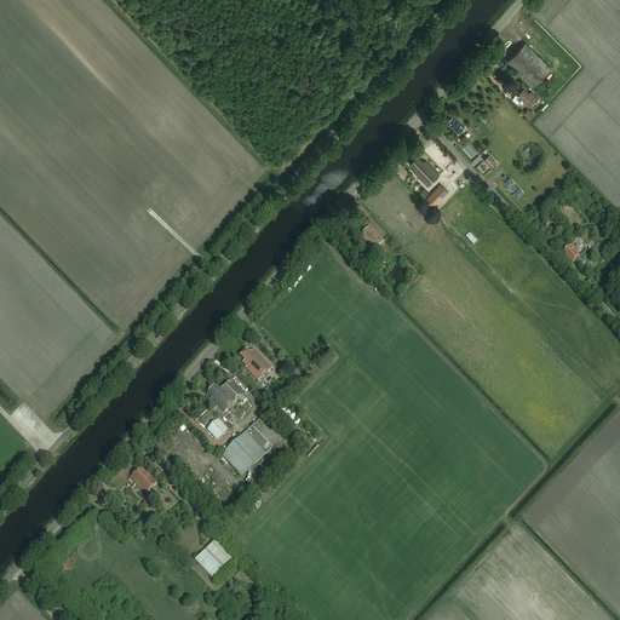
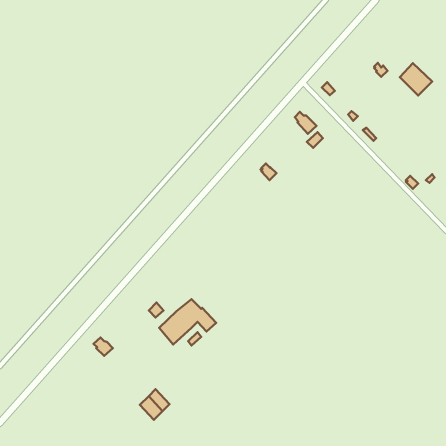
building: [506,41,551,86] -> [400,63,432,96]
building: [240,349,271,381] -> none
building: [206,379,243,413] -> none

